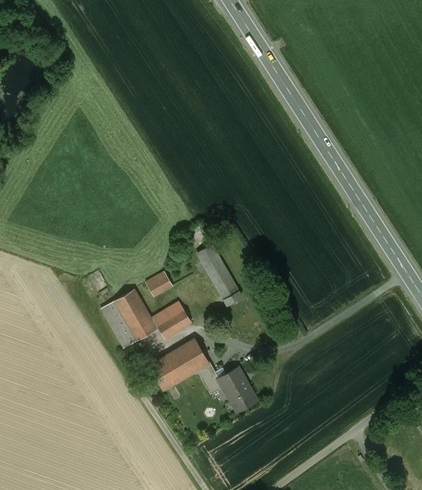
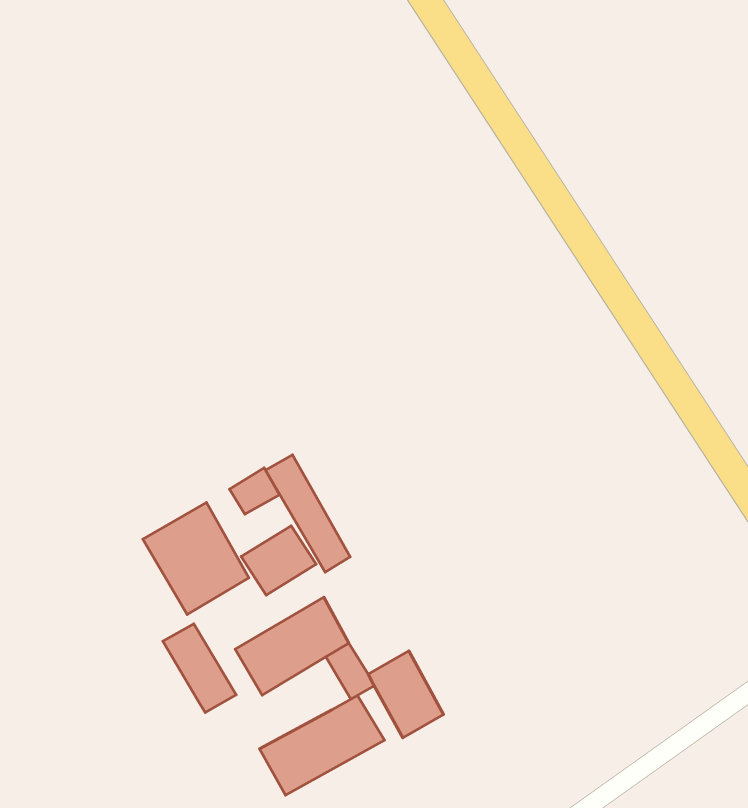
building: [197,244,241,305] -> [265,455,350,572]
building: none -> [163,624,236,712]
building: none -> [259,695,385,795]

